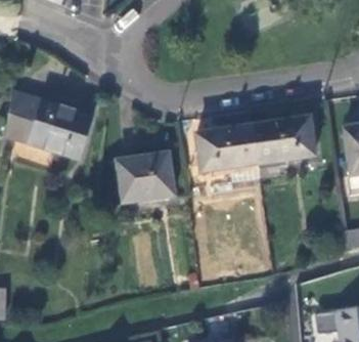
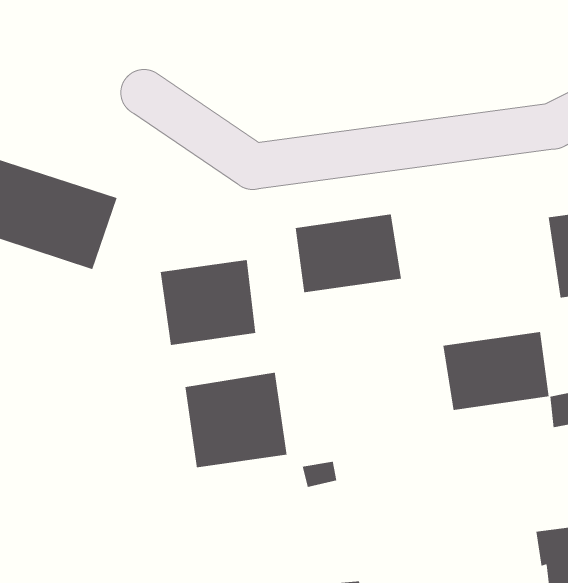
building: [252,118,314,164] -> [442,331,549,410]
building: none -> [185,372,287,468]

